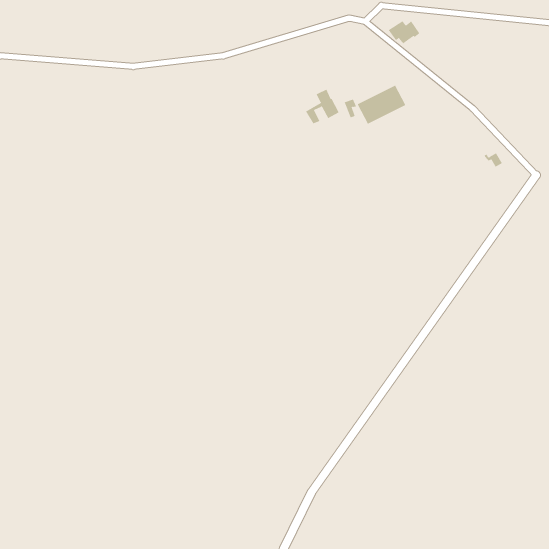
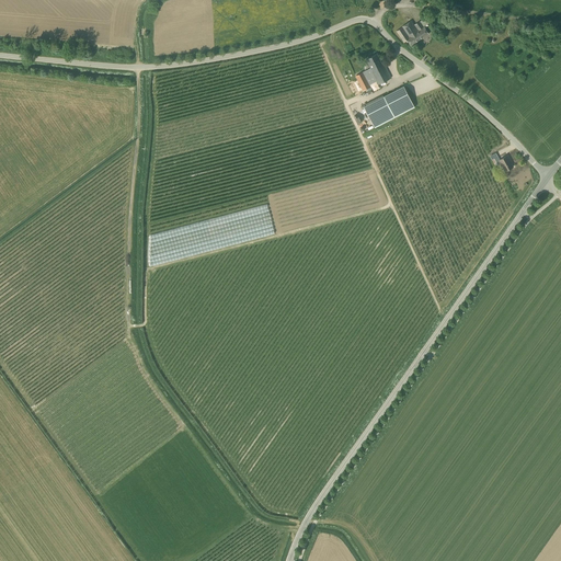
building: [305,89,340,124] -> [355,54,390,90]

